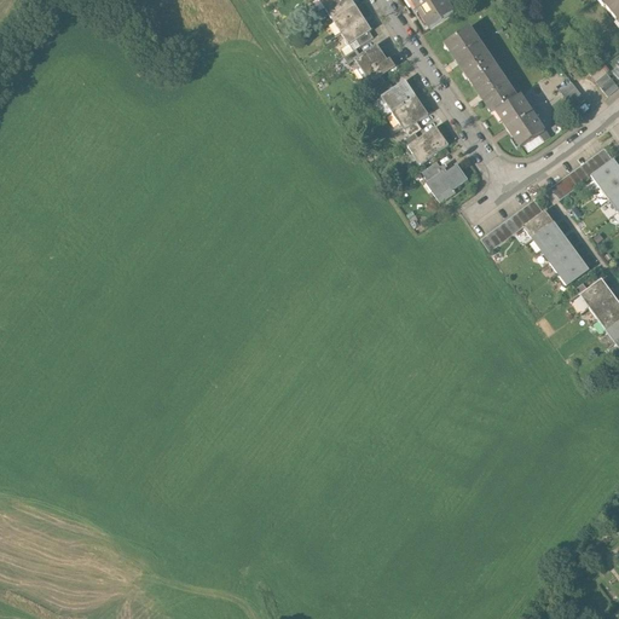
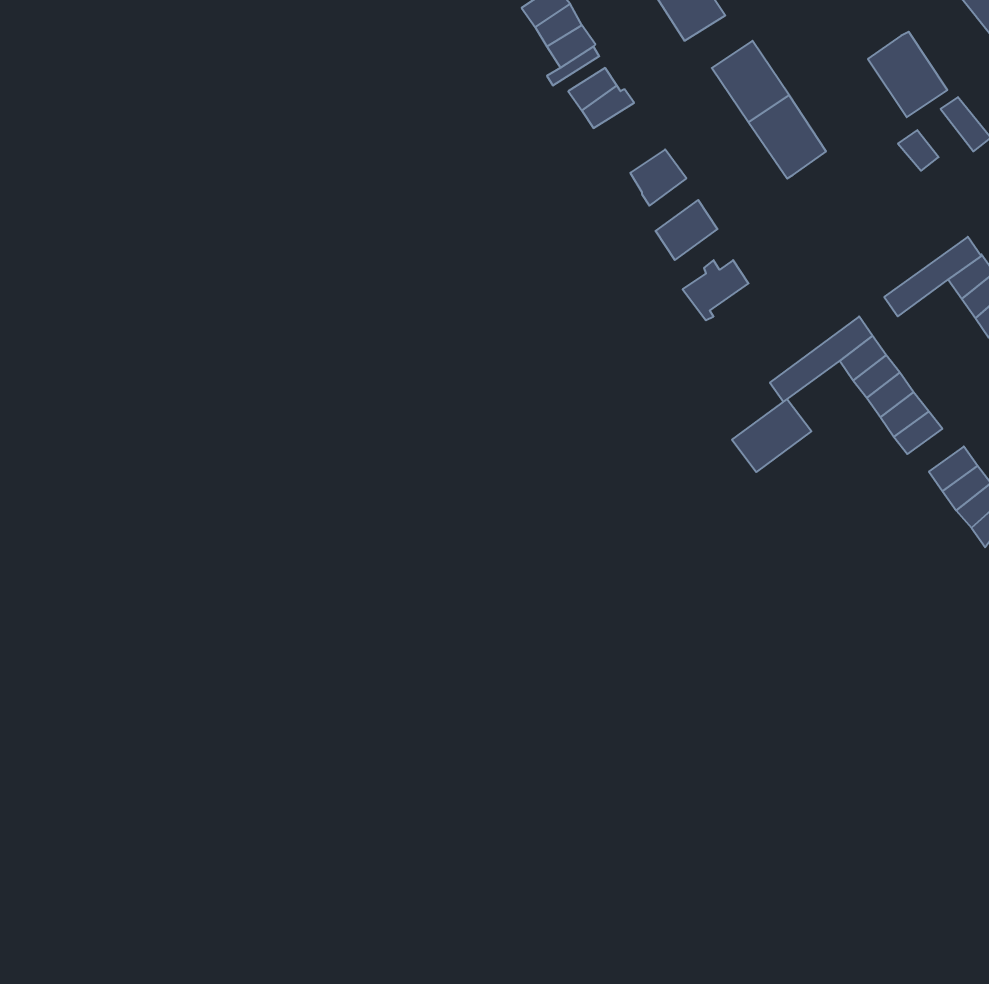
building: [376,79,416,114] -> none
building: [496,92,545,145] -> [868,32,947,117]
building: none -> [732,399,811,472]

